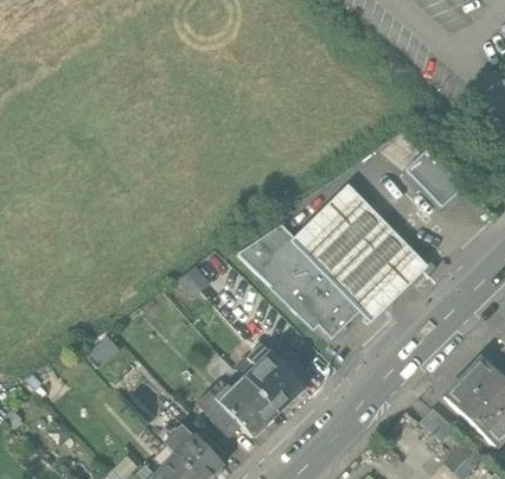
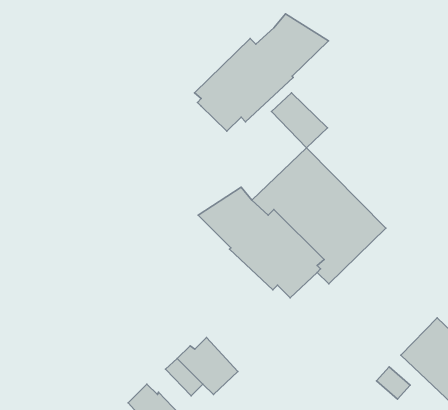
building: none -> [194,14,328,131]
building: [405,149,462,205] -> [272,93,328,148]
building: [245,347,303,411] -> none

